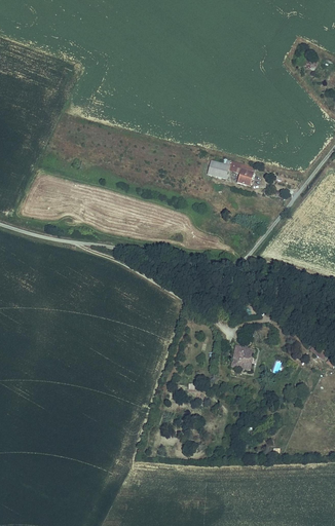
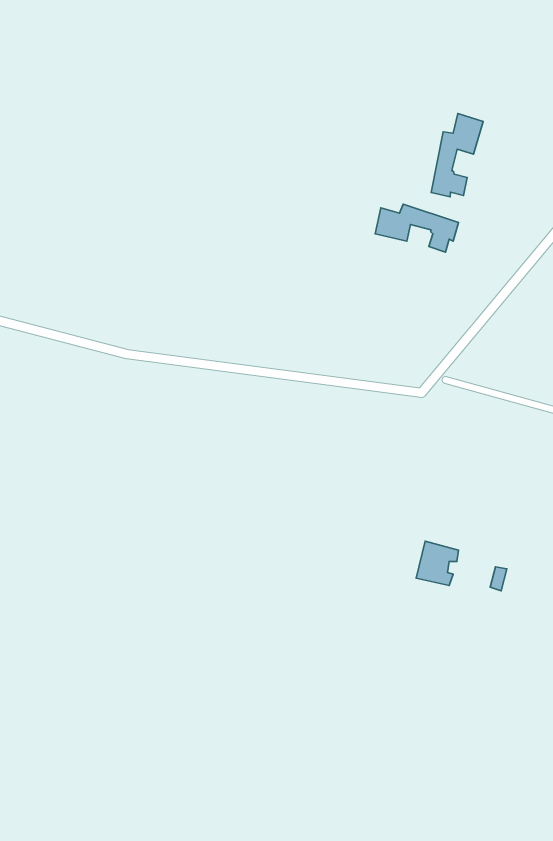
building: none -> [431,113,483,197]

